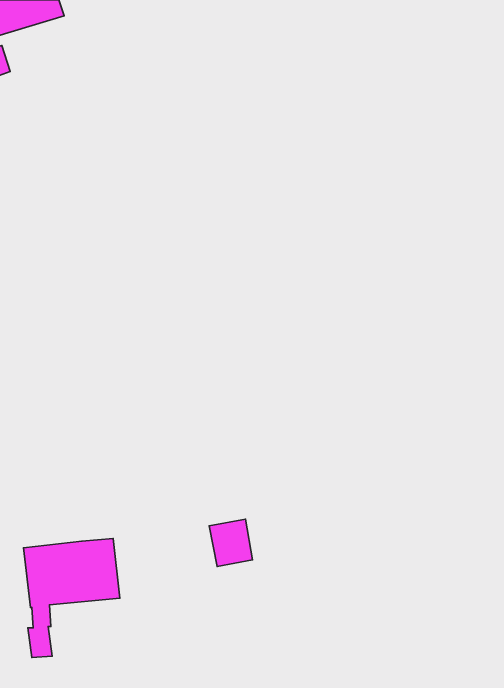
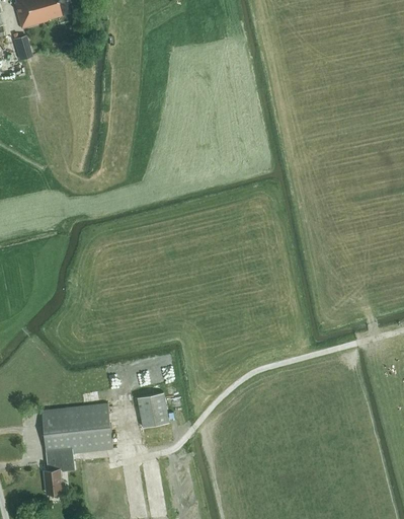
building: [209,519,252,567] -> [136,390,168,426]

